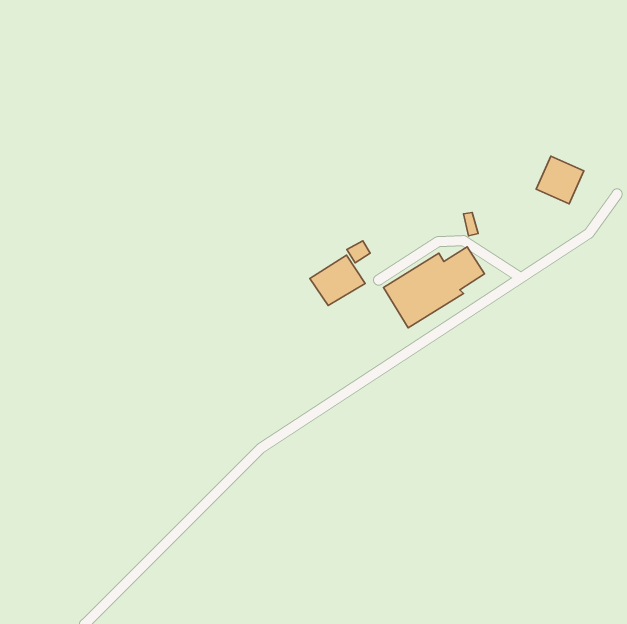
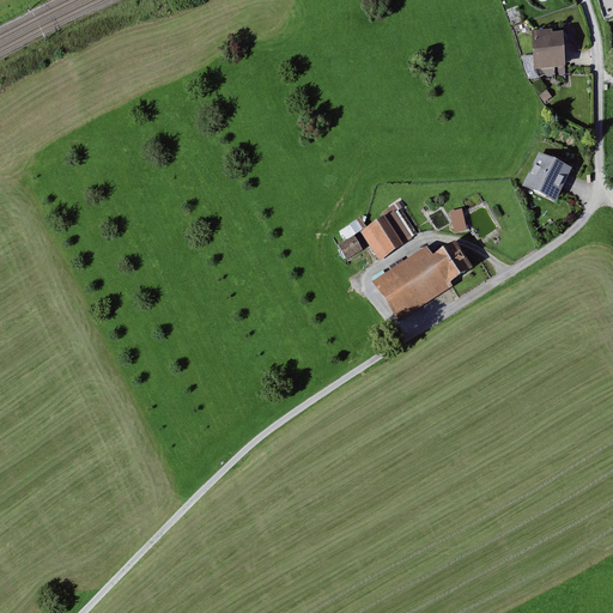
building: none -> [532,30,564,68]
building: [310,255,365,306] -> [359,208,413,257]

